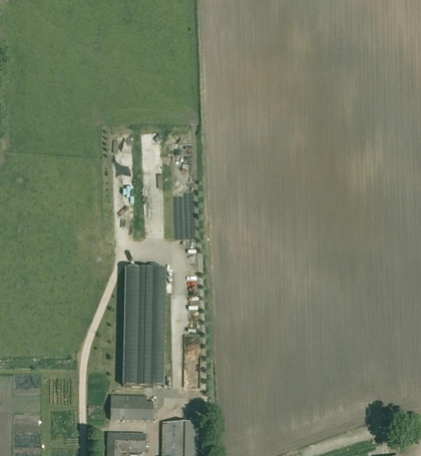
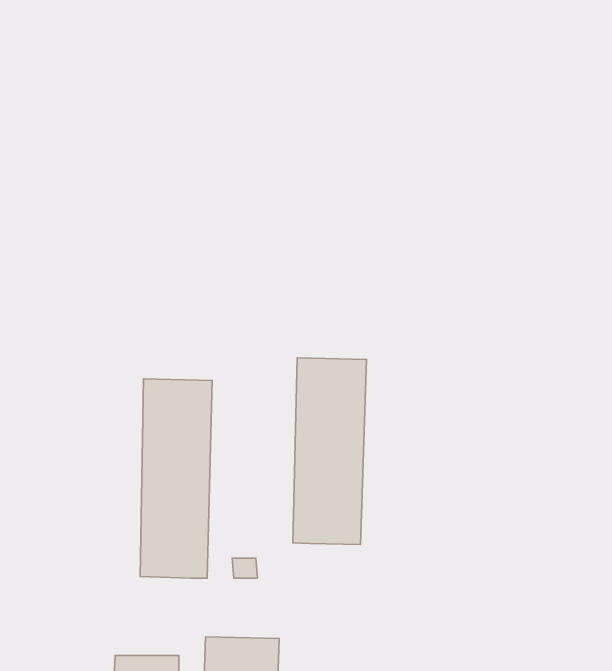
building: none -> [293,358,366,544]
building: [110,394,152,420] -> none

